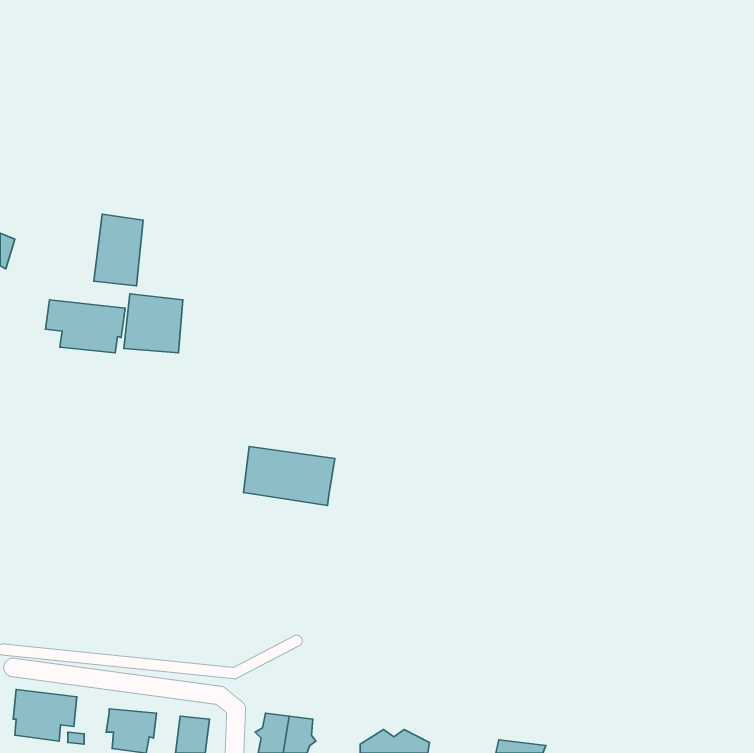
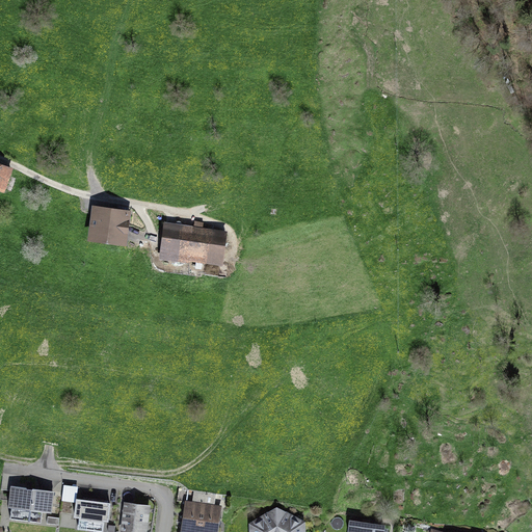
building: [94,214,143,286] -> none
building: [46,300,125,353] -> none
building: [243,447,335,506] -> [161,224,225,266]

